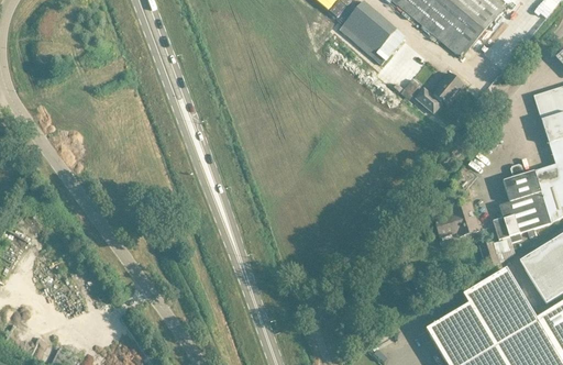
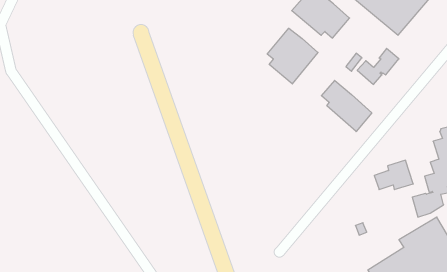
building: none -> [267,28,318,84]
building: none -> [321,80,372,132]

